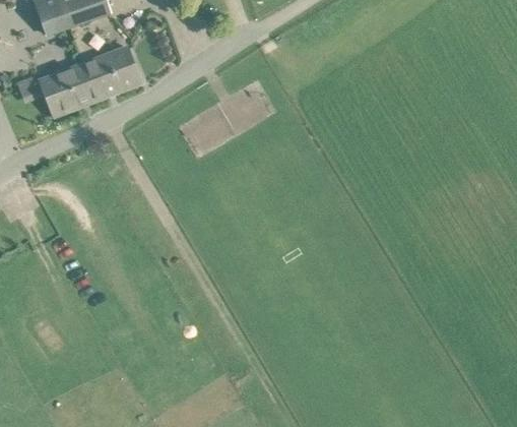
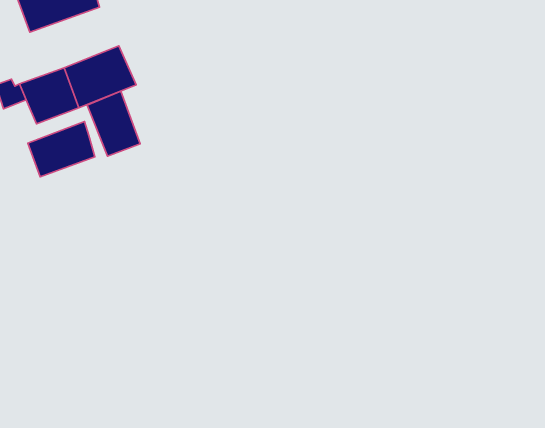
building: none -> [87,91,140,156]
building: none -> [28,121,95,177]

